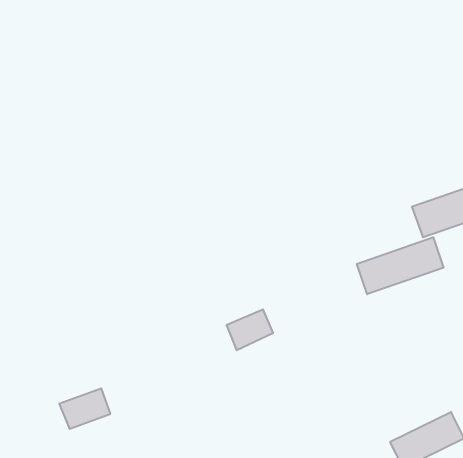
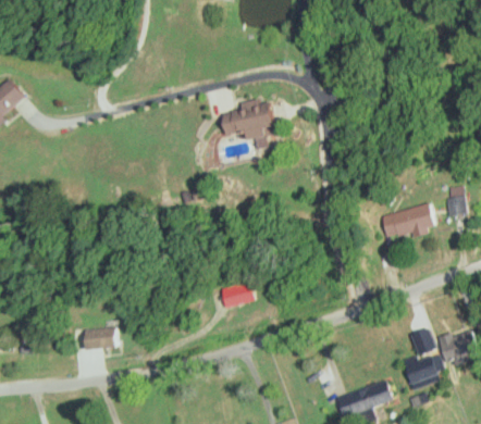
building: none -> [220,103,285,142]
building: [357,237,444,294] -> none

